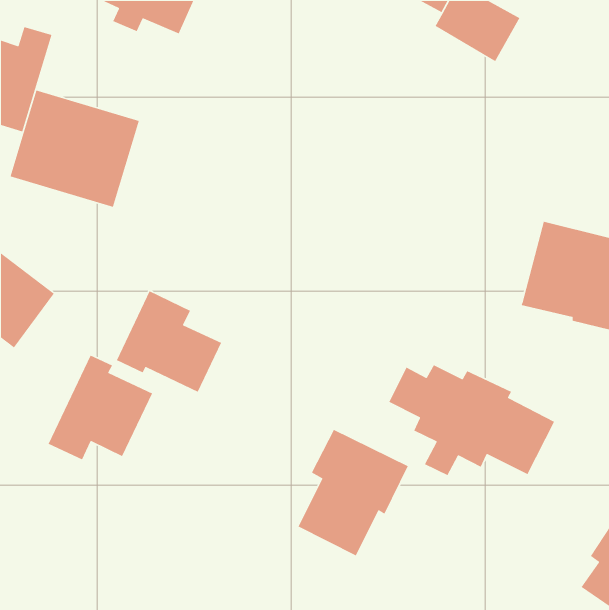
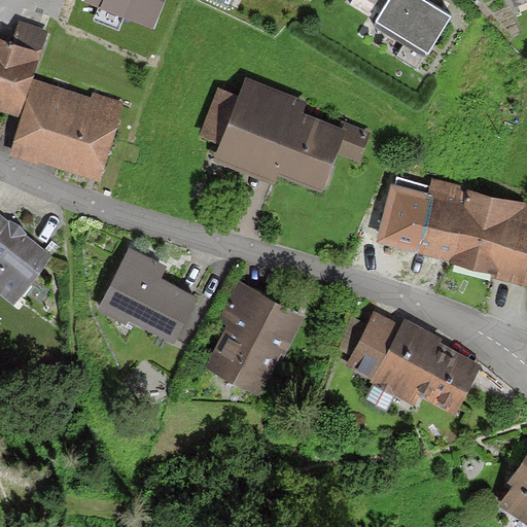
building: none -> [198,81,367,191]
building: none -> [378,179,470,260]
building: [47,354,153,460] -> none
building: [298,429,409,557] -> [208,284,304,394]

